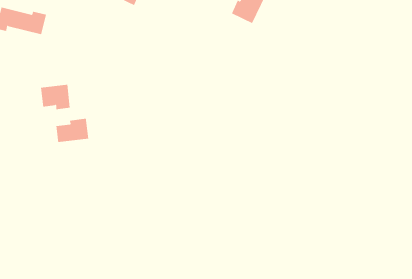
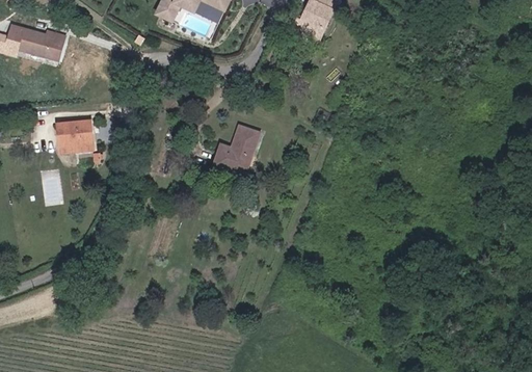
building: none -> [214,125,260,172]
building: [56,118,89,143] -> none

